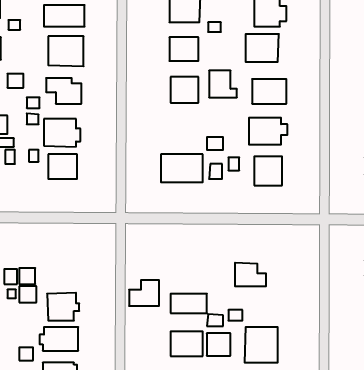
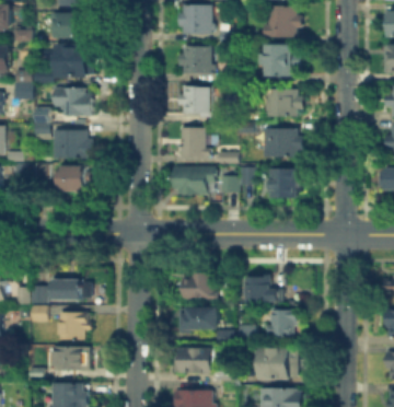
building: [209,71,237,97] -> [183,130,211,158]
building: none -> [48,277,90,299]
building: [129,280,159,306] -> [185,274,216,300]
building: [207,333,230,356] -> [270,313,294,336]

